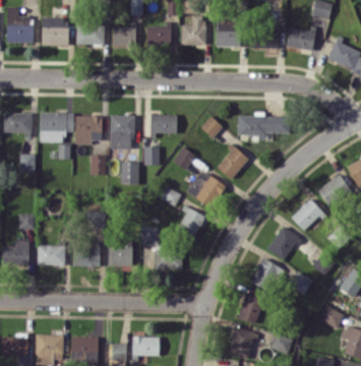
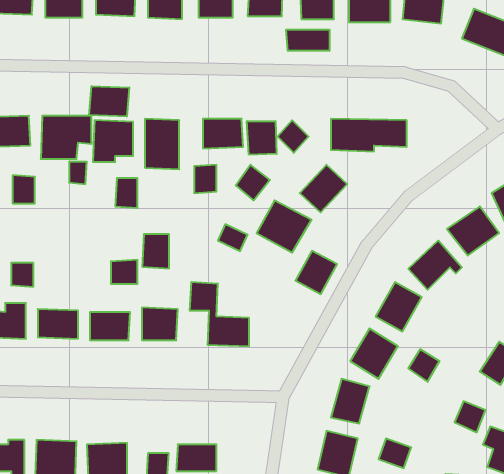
building: none -> [286,30,329,51]
building: none -> [89,86,129,117]
building: none -> [247,121,277,155]
building: [120,162,138,185] -> [142,234,169,268]
building: [176,207,204,237] -> [295,251,337,294]

